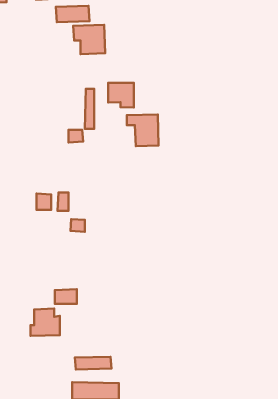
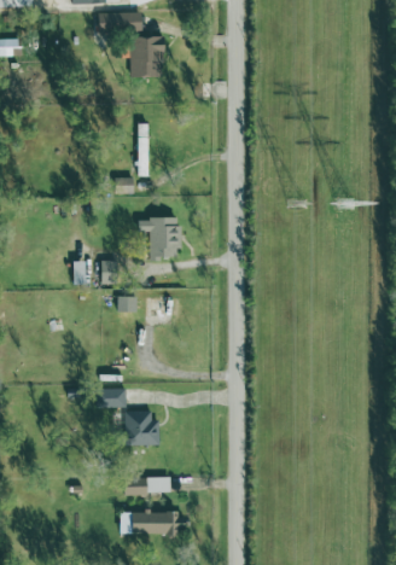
building: [108,83,134,108] -> none
building: [127,114,159,146] -> [138,216,180,258]
building: [31,309,60,336] -> [121,409,159,445]

